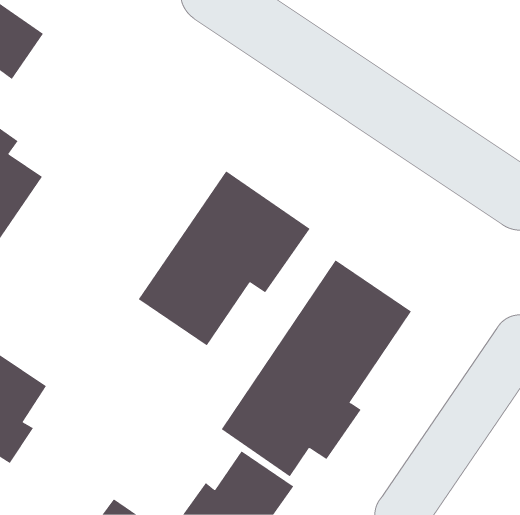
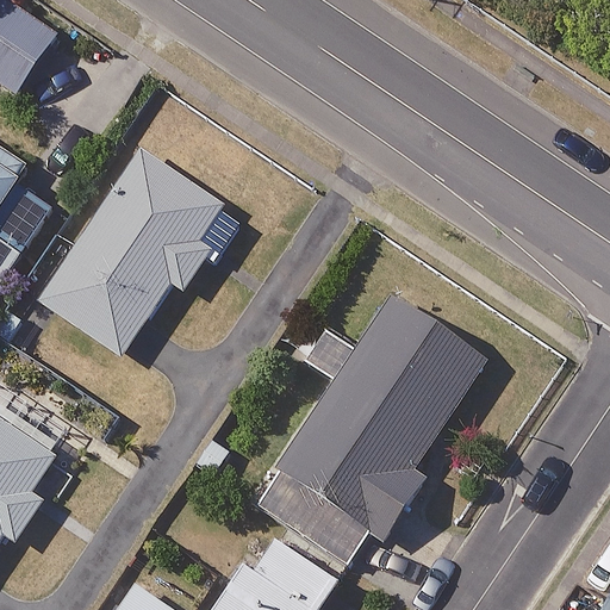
building: [138,170,310,346] -> [38,150,239,355]

